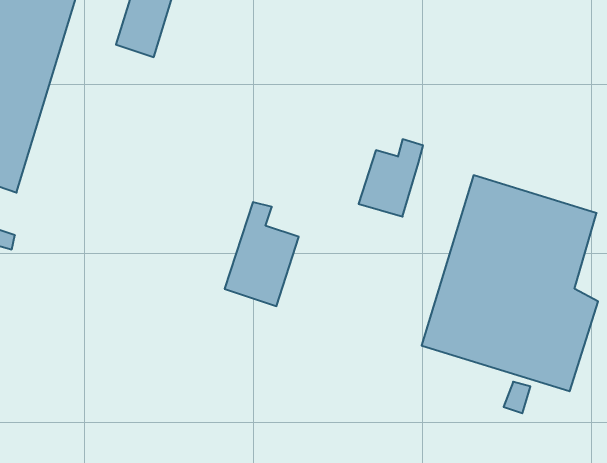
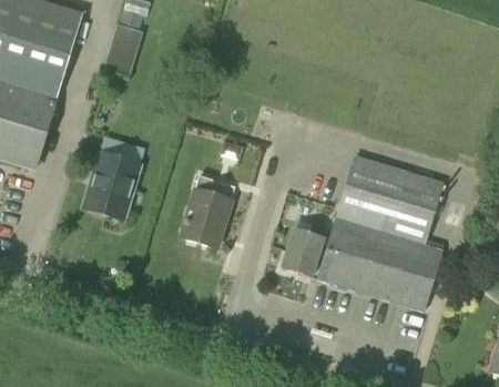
building: [359,139,423,217] -> [282,221,327,275]
building: none -> [88,151,141,218]

